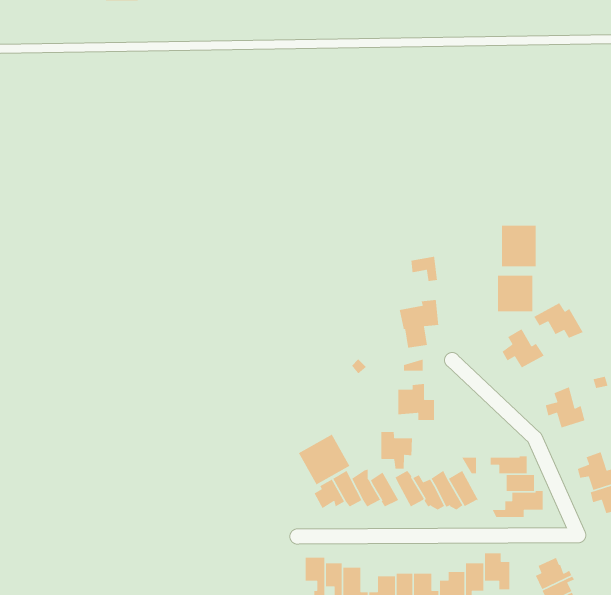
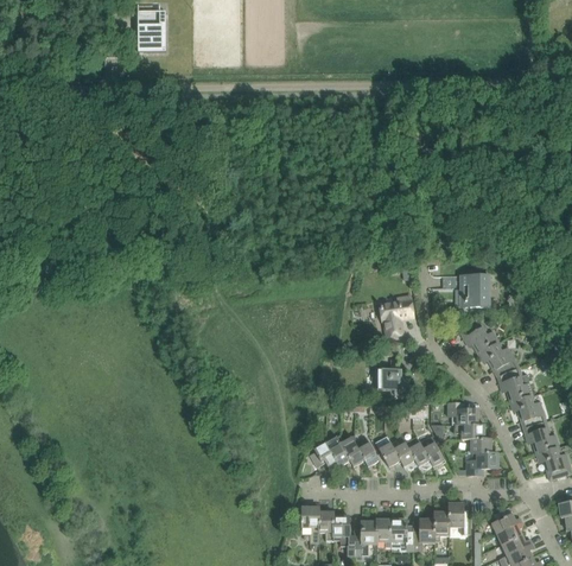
building: [501,225,536,267] -> none
building: [533,302,584,344] -> [477,342,519,376]
building: none -> [509,395,545,425]
building: none -> [446,402,477,425]
building: [381,431,413,469] -> none
building: [298,434,351,486] -> none

